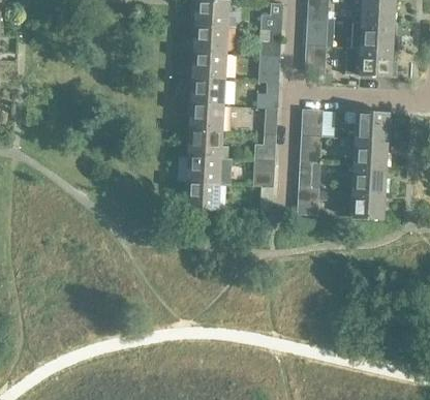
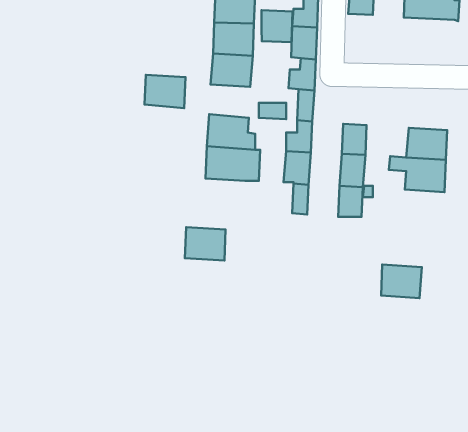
building: none -> [262,10,293,42]
building: [304,44,326,72] -> none
building: [345,47,398,78] -> none
building: [189,103,223,131] -> [144,75,185,108]
building: [301,109,321,137] -> none
building: [345,112,390,142] -> none
building: [185,182,219,210] -> [185,227,226,261]
building: [351,191,386,219] -> [381,265,422,298]

